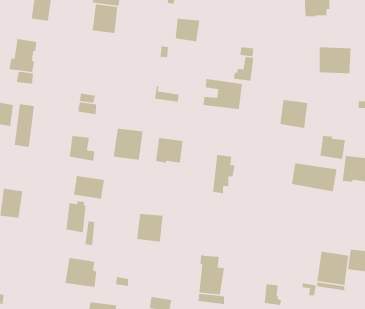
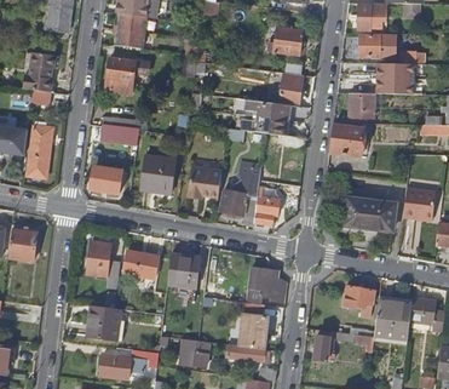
building: [175,18,200,42] -> [274,25,303,53]
building: none -> [361,34,397,56]
building: none -> [108,57,136,90]
building: none -> [349,91,372,116]
building: none -> [220,161,261,221]
building: [319,135,346,160] -> none
building: [73,175,105,199] -> [122,251,159,279]
building: none -> [246,265,286,303]
building: none -> [344,284,374,305]

